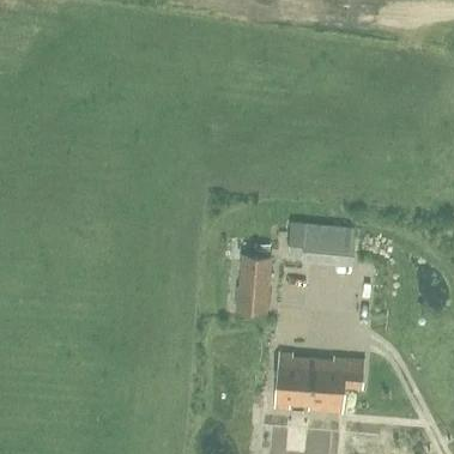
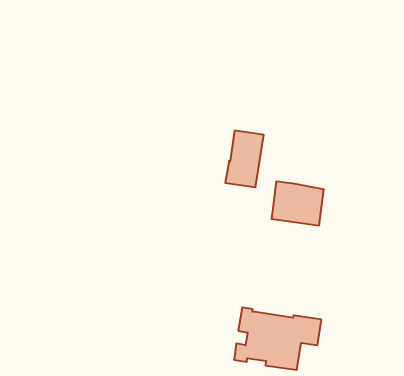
building: [235,258,271,314] -> [225,131,264,187]

